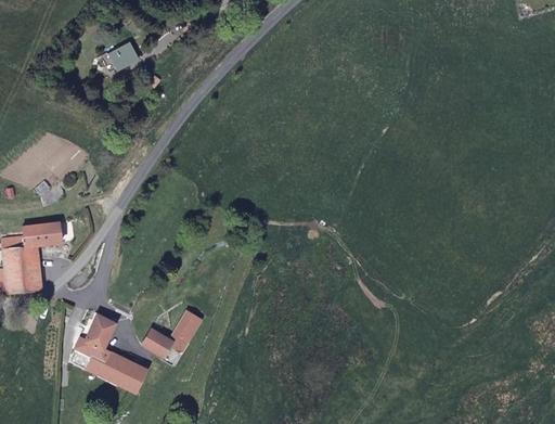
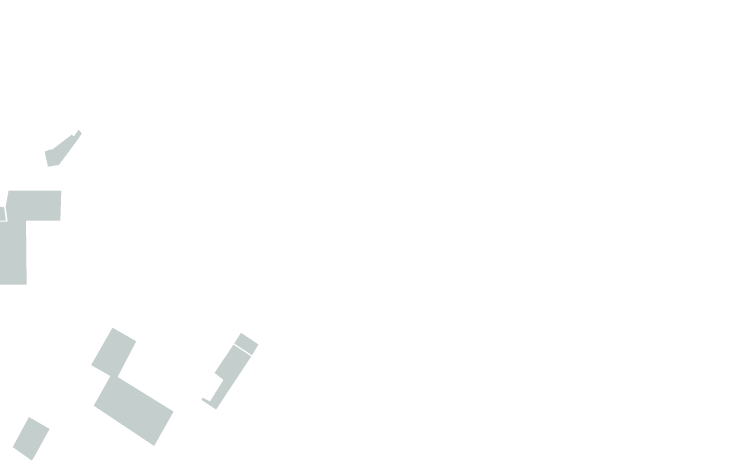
building: [146,331,179,359] -> none
building: [74,341,100,372] -> [12,416,51,461]

